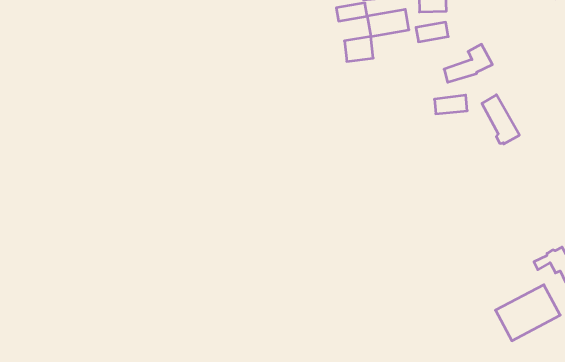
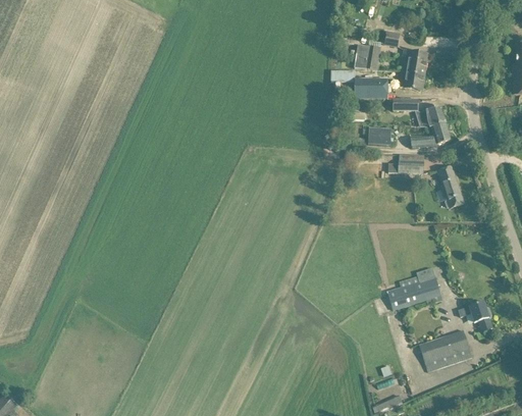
building: none -> [415,105,445,126]
building: [344,36,373,61] -> [367,127,390,146]
building: none -> [385,276,440,310]

